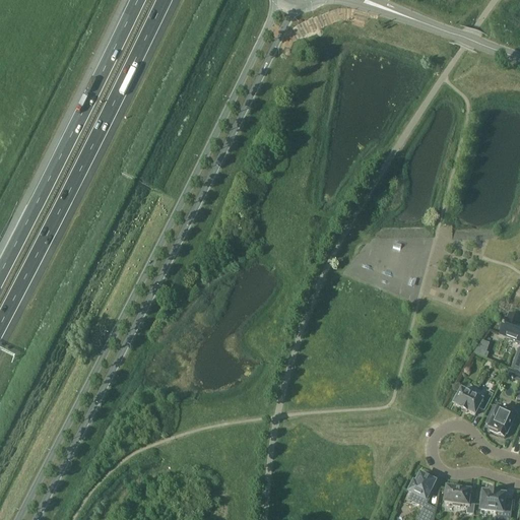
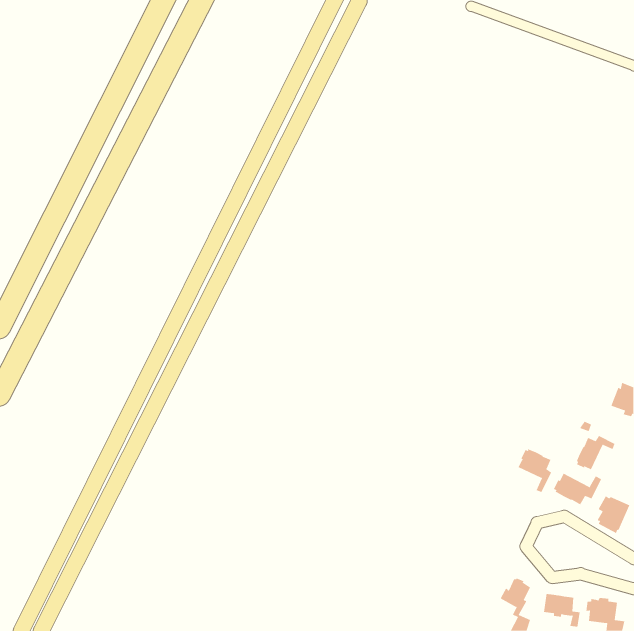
building: none -> [576,435,615,470]
building: none -> [518,448,552,493]

